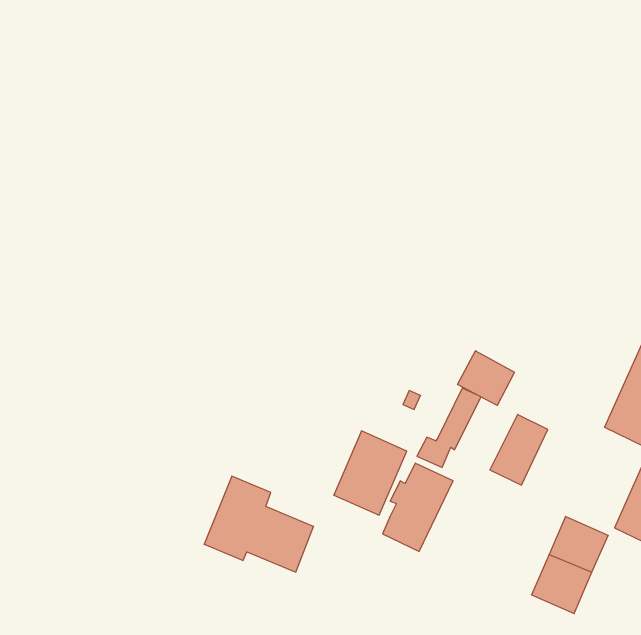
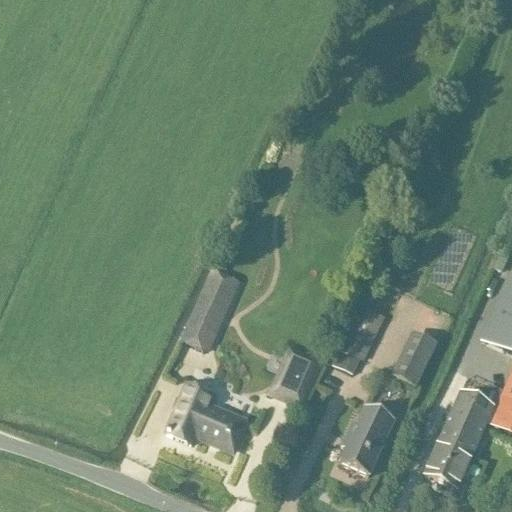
building: none -> [184,264,232,348]
building: [458,351,514,405] -> none
building: [383,463,453,551] -> [340,403,396,473]
building: none -> [451,388,495,425]

